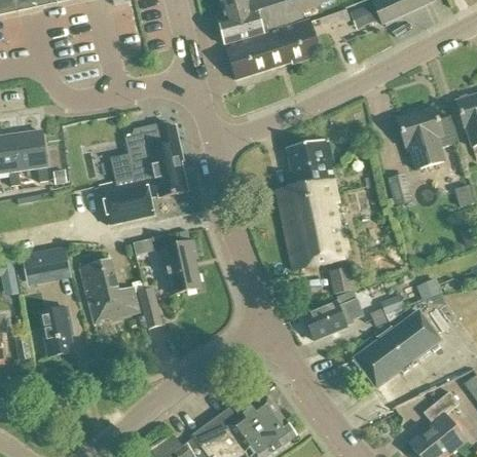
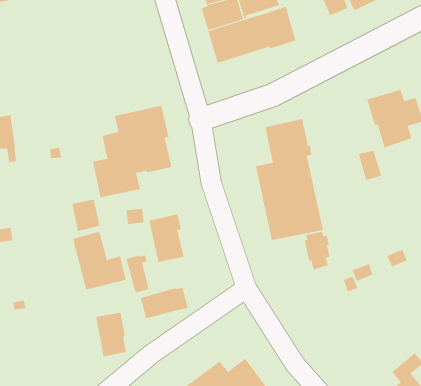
building: [13,131,48,182] -> none
building: [38,244,69,279] -> [72,199,100,232]
building: [303,298,364,340] -> none
building: [39,308,73,356] -> [95,312,127,357]
building: [352,309,440,395] -> none
building: none -> [140,287,189,319]

